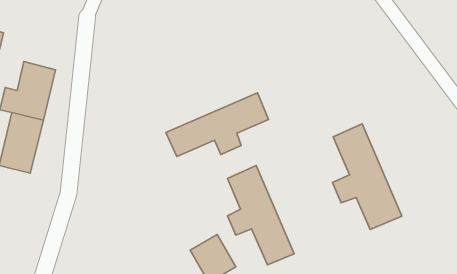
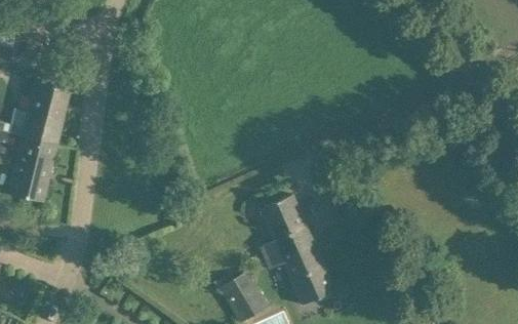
building: [166,93,268,156] -> none
building: [332,124,402,229] -> none

